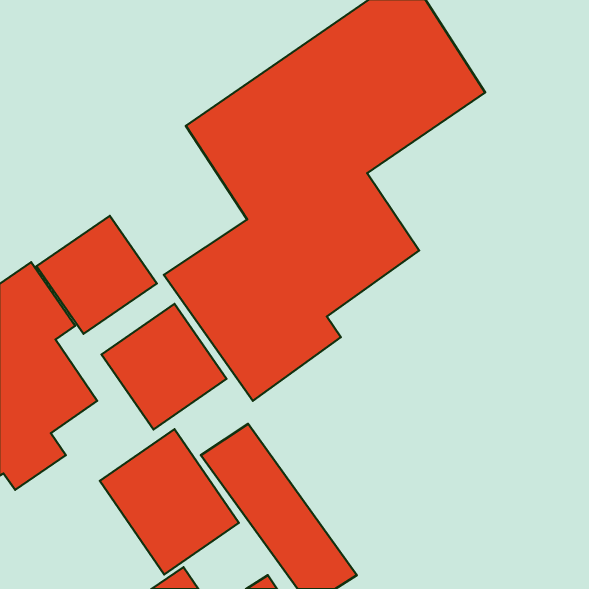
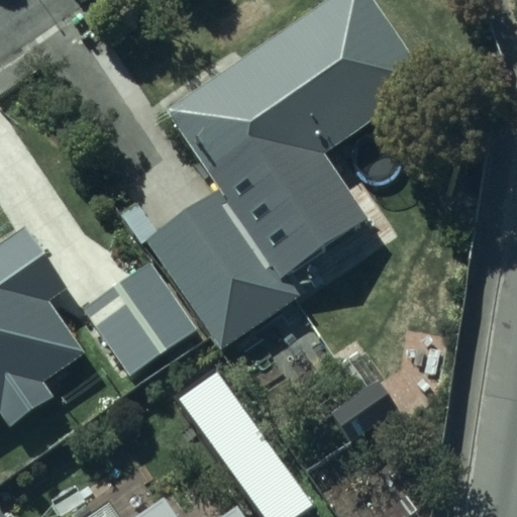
building: [37,216,157,334] -> none
building: [100,429,239,575] -> none

